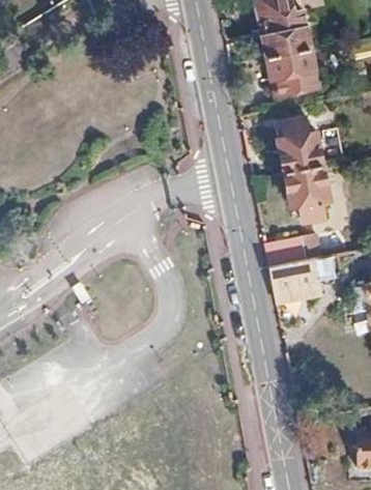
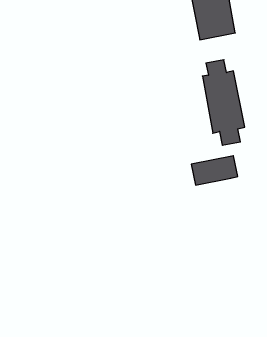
building: [268,261,316,300] -> none

